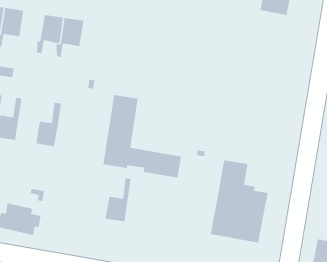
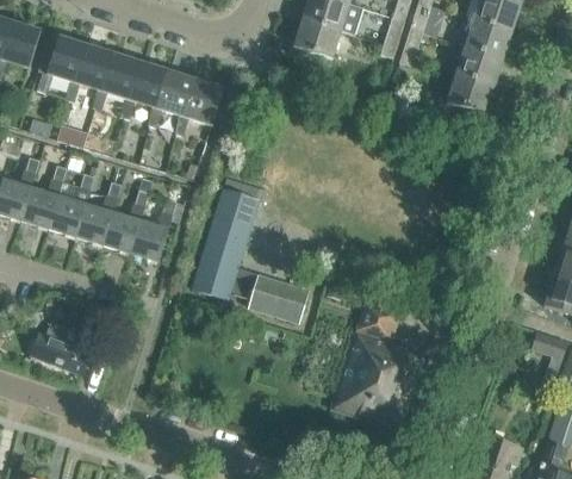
building: none -> [94,52,141,110]
building: none -> [175,79,224,136]
building: none -> [75,182,119,244]
building: [105,178,132,222] -> [129,198,175,261]

